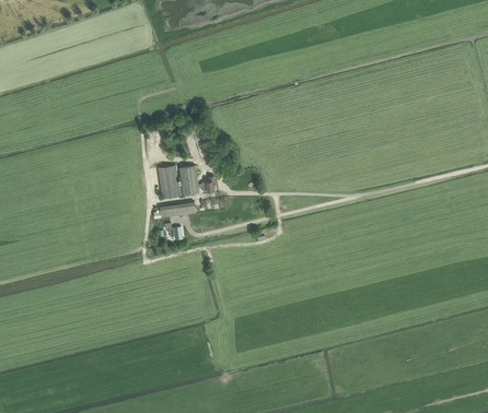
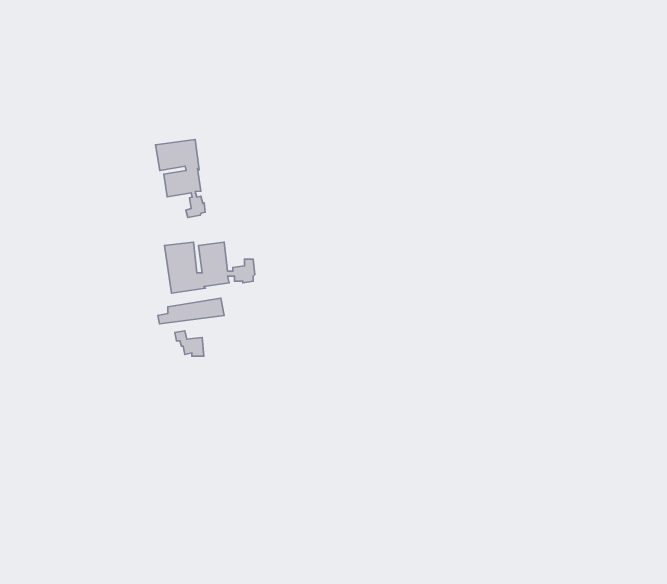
building: none -> [156,139,205,217]

